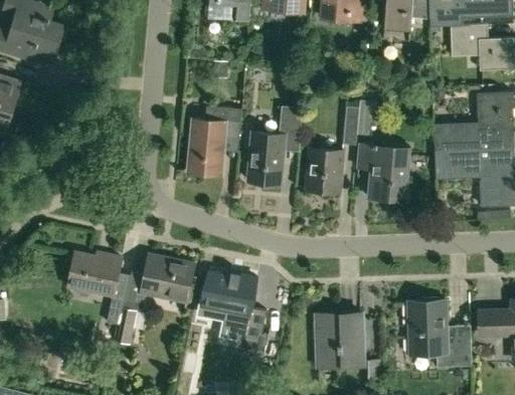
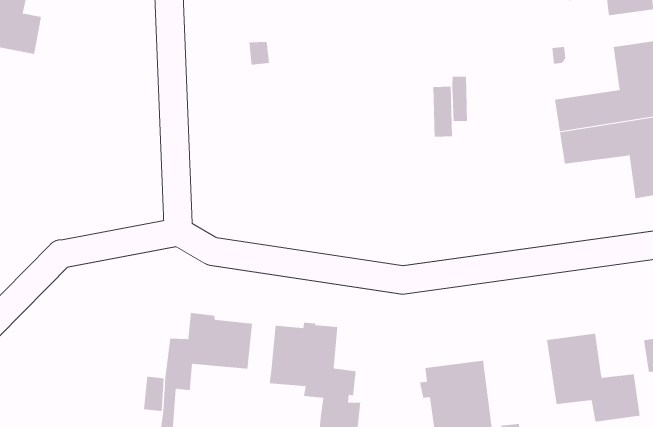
building: [188,106,242,174] -> none
building: [247,107,303,183] -> none
building: [358,143,410,196] -> none
building: [307,148,343,191] -> none
building: [68,251,122,294] -> none

